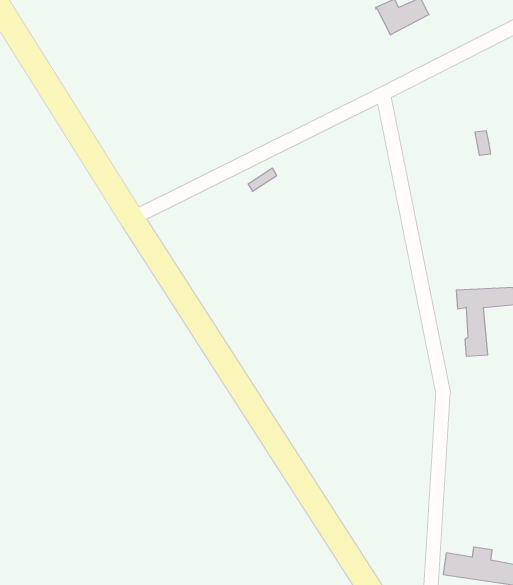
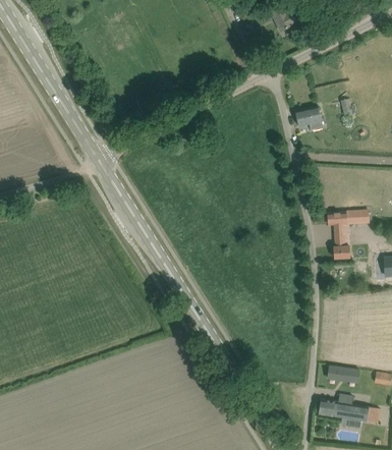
building: none -> [295,106,323,130]
building: none -> [328,364,360,384]

